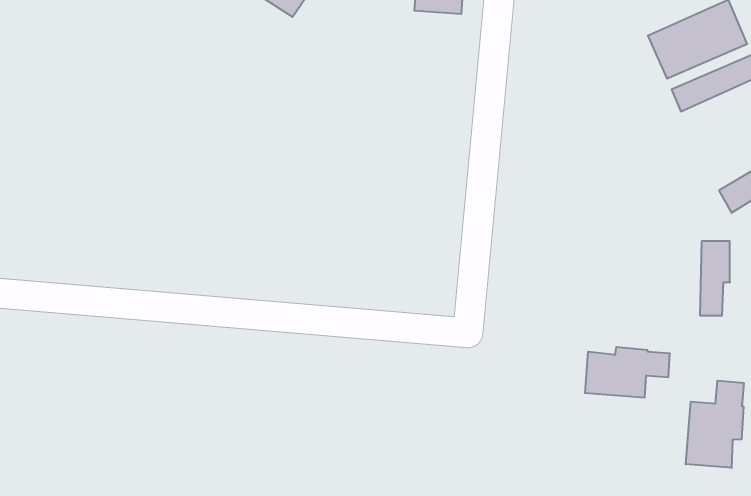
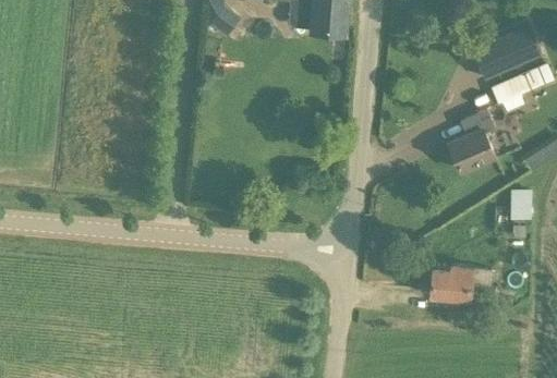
building: none -> [449,112,495,173]
building: [686,381,744,468] -> none

